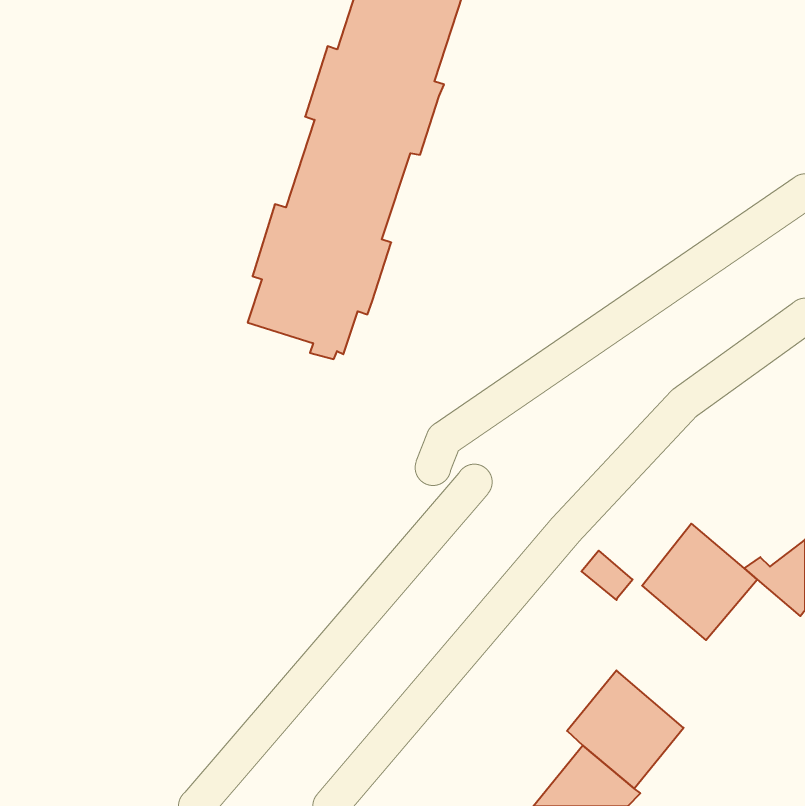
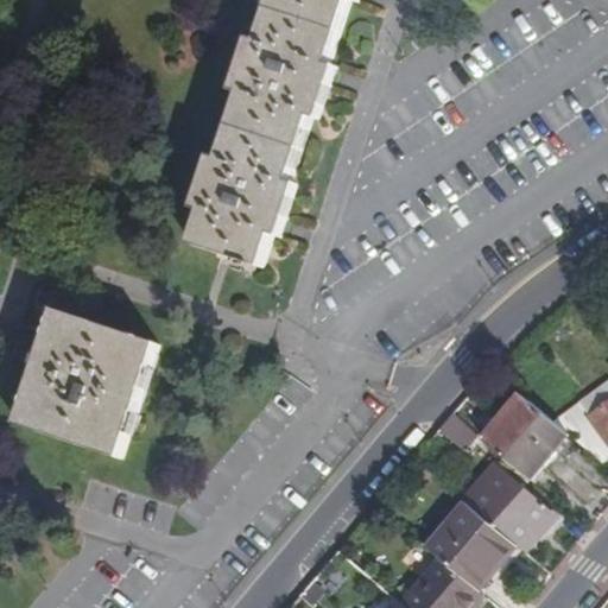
building: none -> [12,306,153,456]
building: none -> [456,461,549,550]

